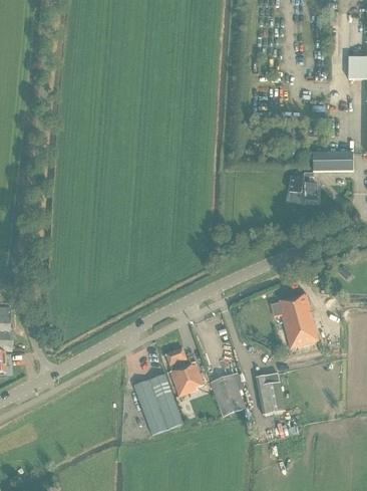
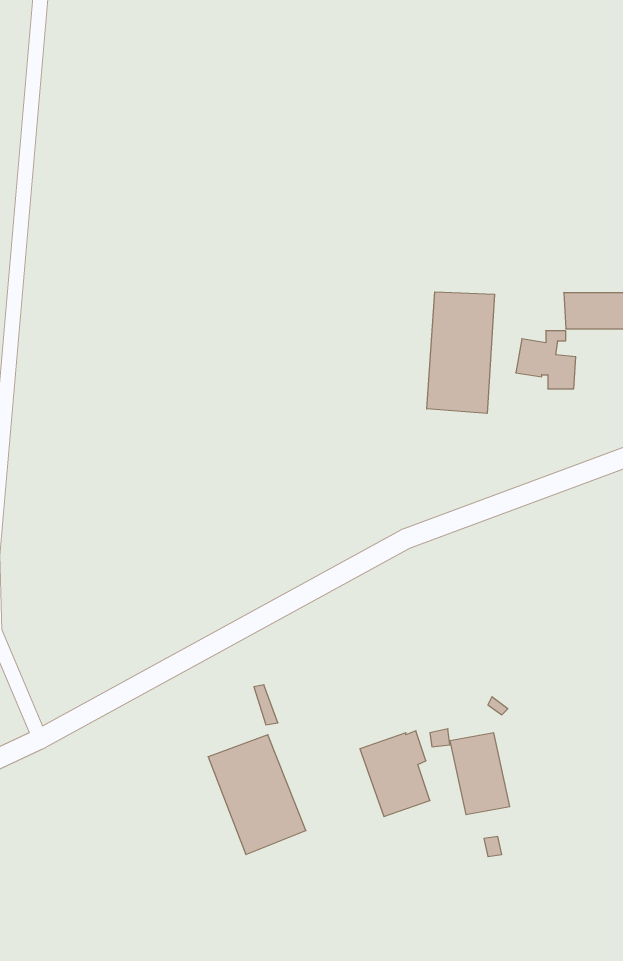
building: none -> [427,292,495,413]
building: [271,293,318,347] -> none
building: [165,347,204,395] -> none

